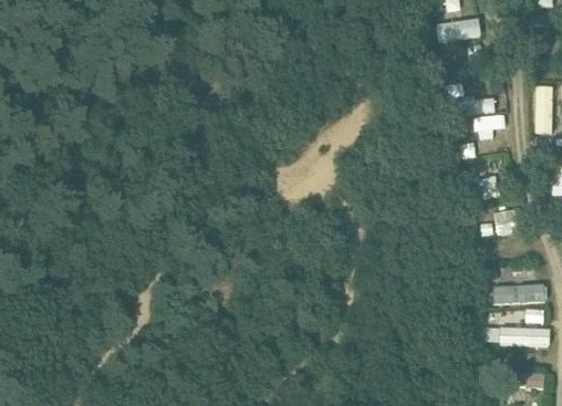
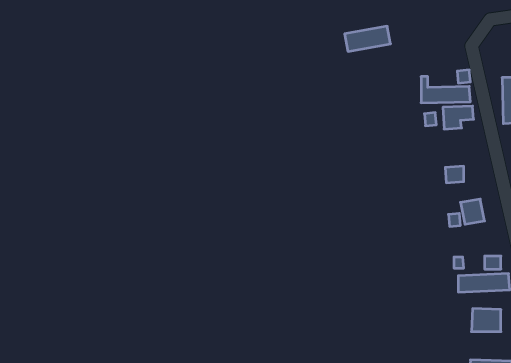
building: [435,18,481,43] -> [345,26,391,51]

